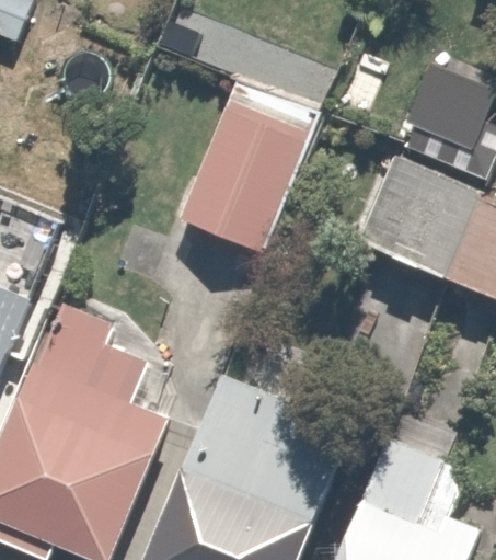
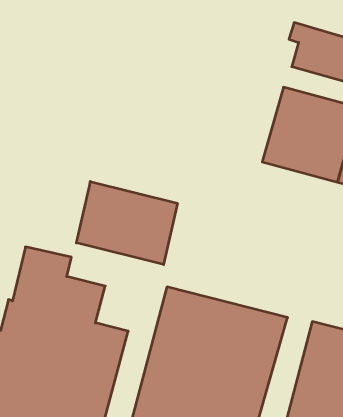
building: [175,80,318,253] -> none
building: none -> [76,181,177,265]

